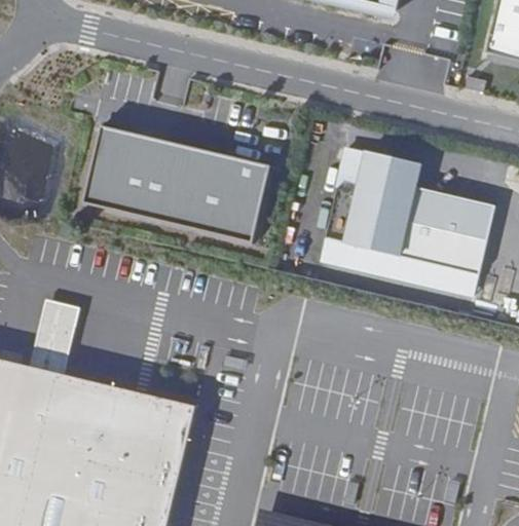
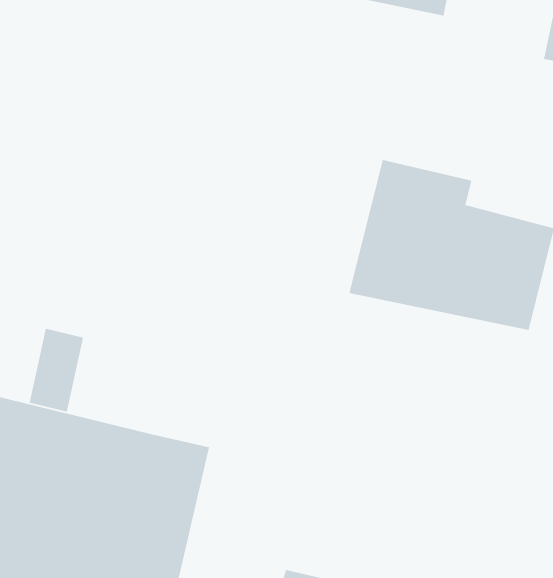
building: [85,129,270,247] -> none

